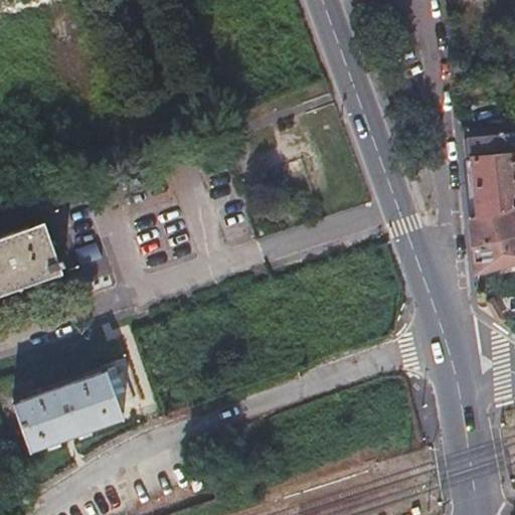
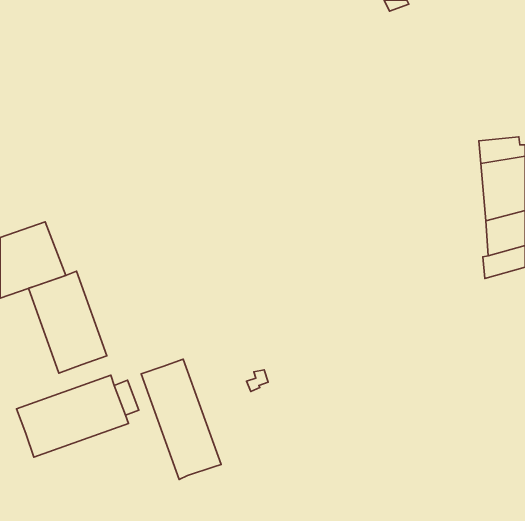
building: none -> [28,271,107,373]
building: none -> [141,359,221,479]

